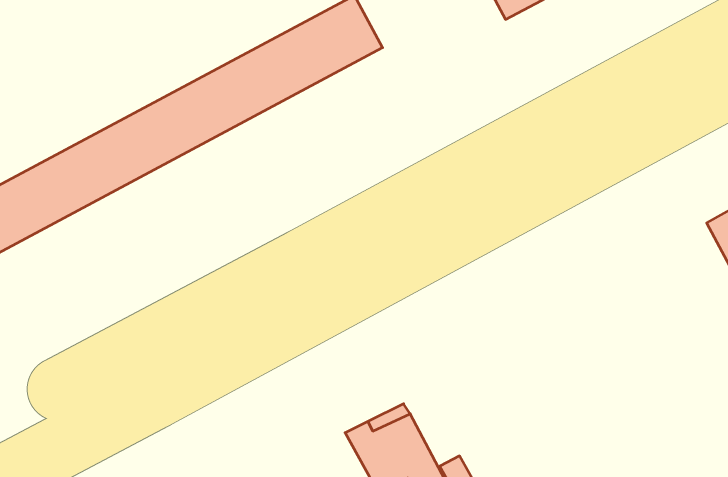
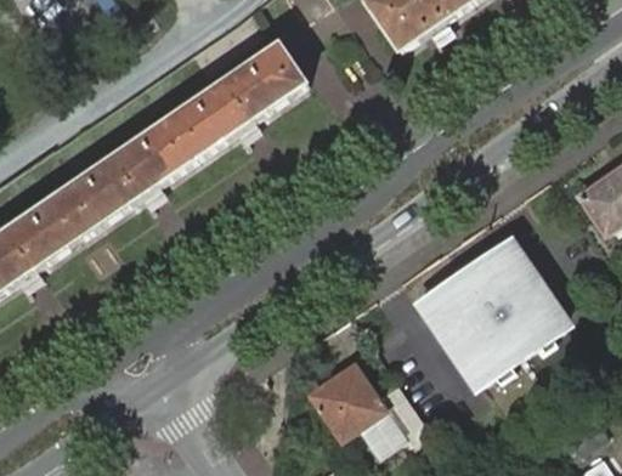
building: none -> [424,238,562,376]

